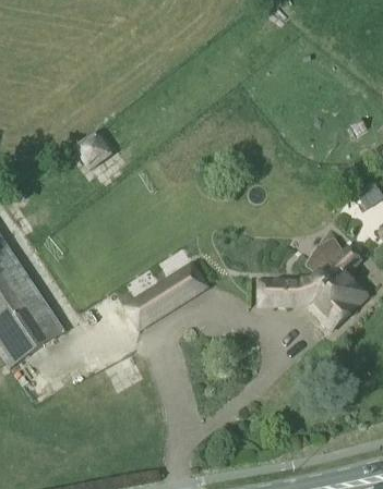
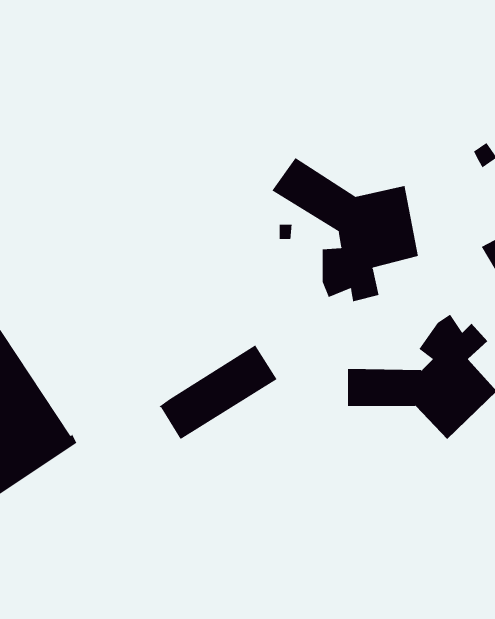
building: none -> [272,157,419,302]
building: [74,130,112,167] -> none

